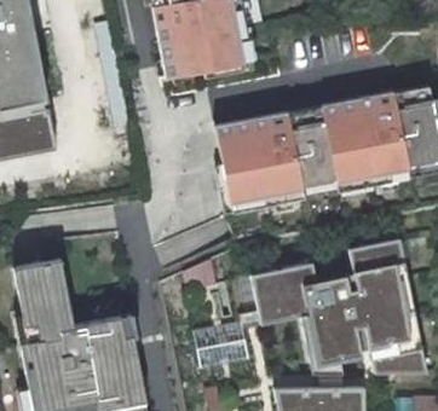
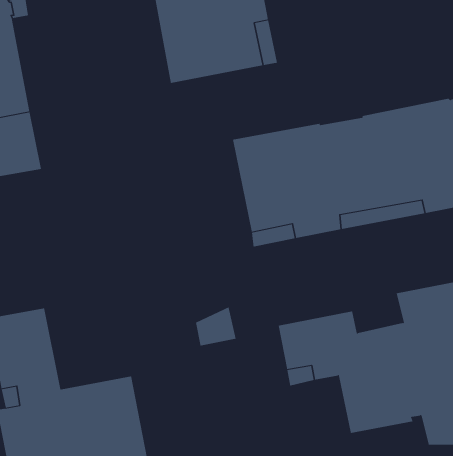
building: [192,323,247,369] -> none

